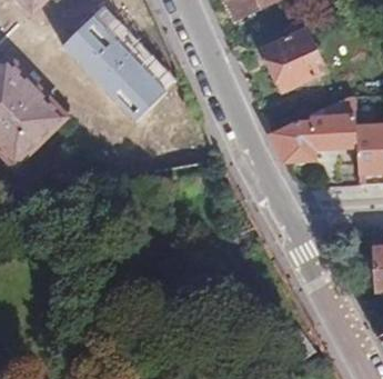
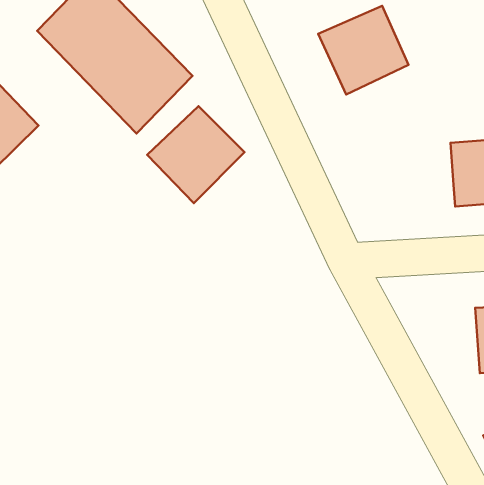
building: [272,96,360,161] -> none
building: none -> [147,106,244,203]

